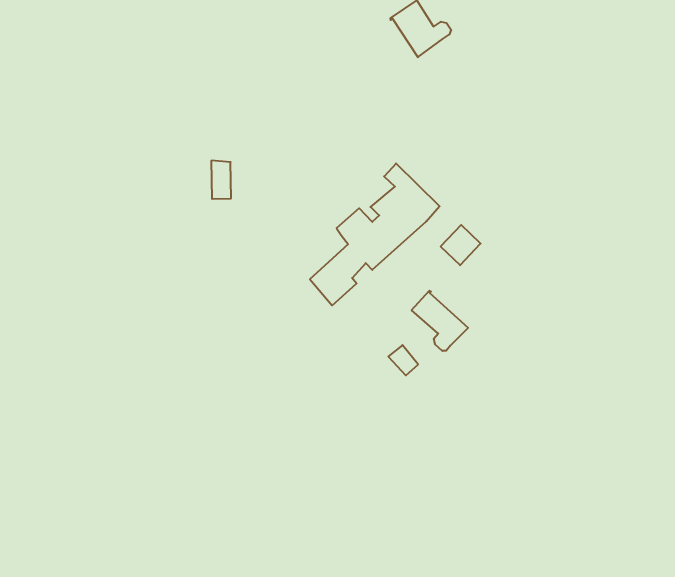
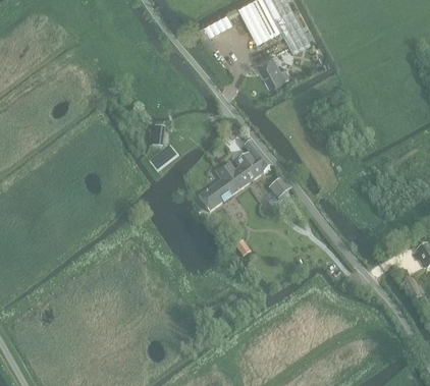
building: [412,291,468,351] -> none

